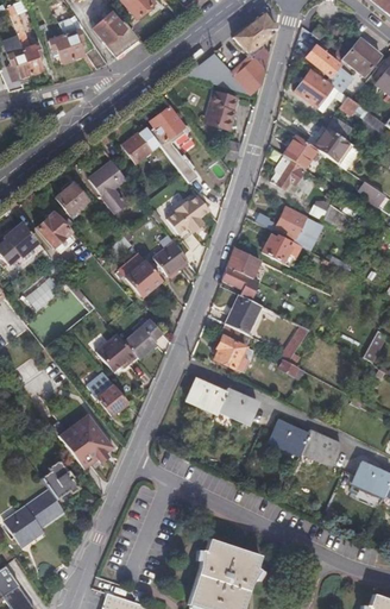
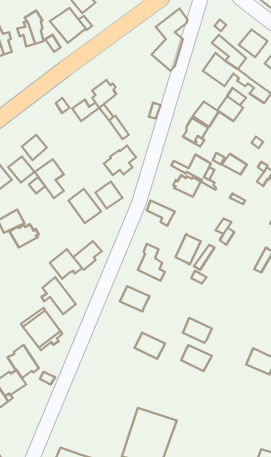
building: [208,93,238,132] -> none
building: [93,158,131,209] -> [35,159,64,198]
building: [227,246,262,278] -> none
building: [222,293,256,333] -> [175,234,201,265]
building: none -> [10,224,39,247]
building: [218,389,258,423] -> [135,333,165,359]
building: [301,431,341,465] -> [181,345,212,371]

